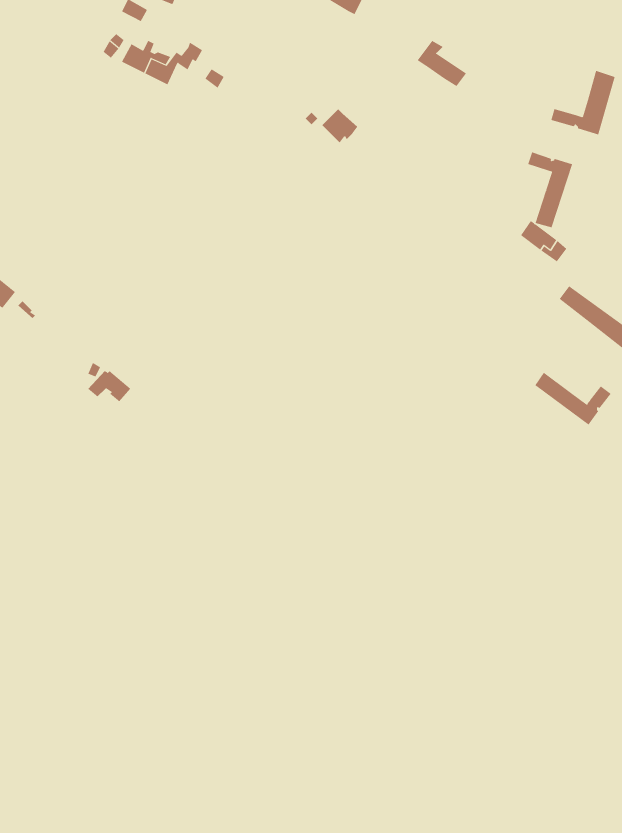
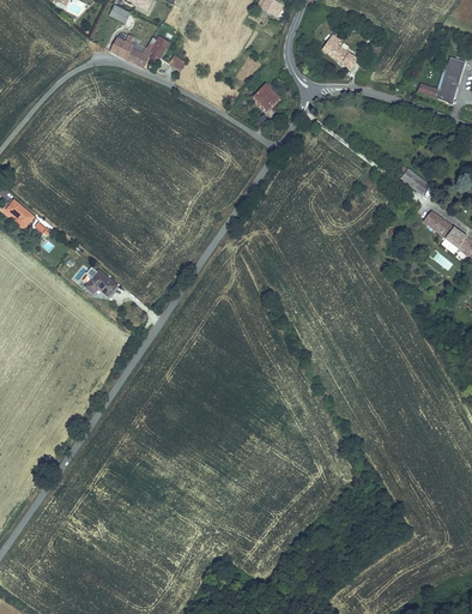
building: [528,151,573,228] -> none
building: [535,372,612,426] -> none

